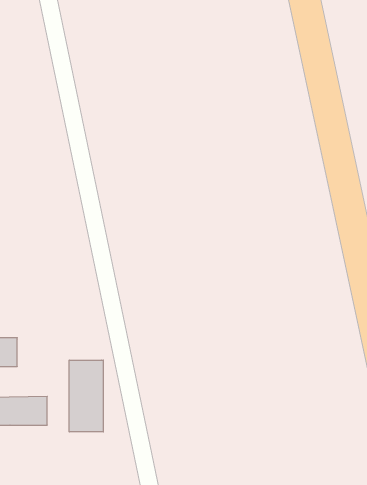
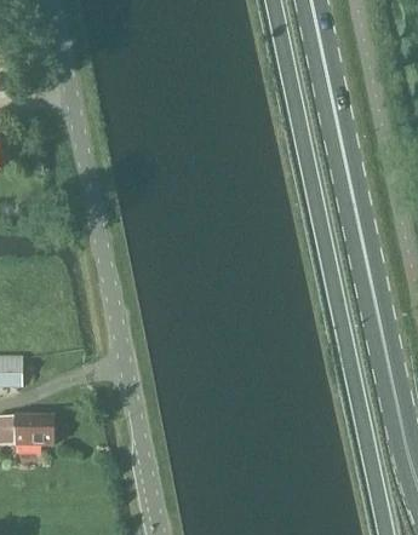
building: [69,360,103,432] -> none

